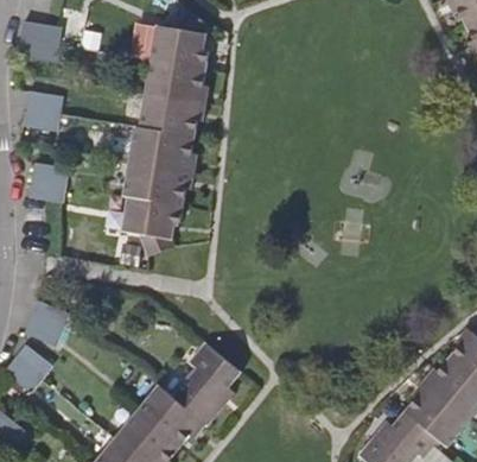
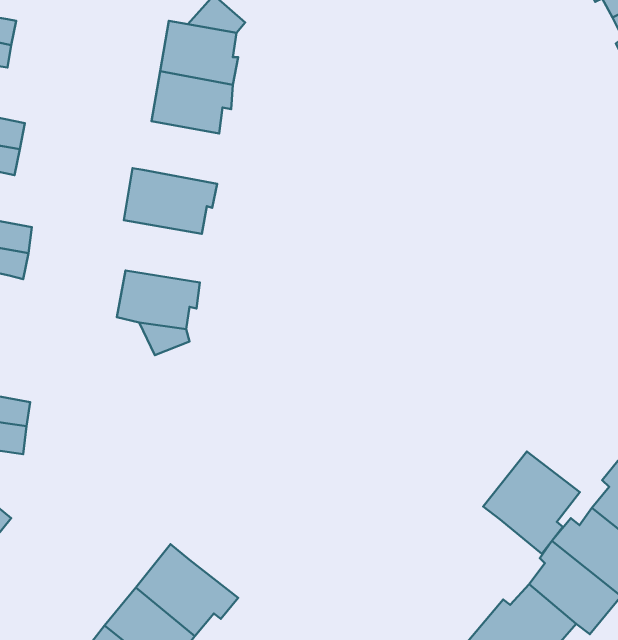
building: [141,94,195,137] -> none
building: [123,162,184,204] -> none
building: none -> [483,452,580,554]
building: [173,341,240,422] -> none

